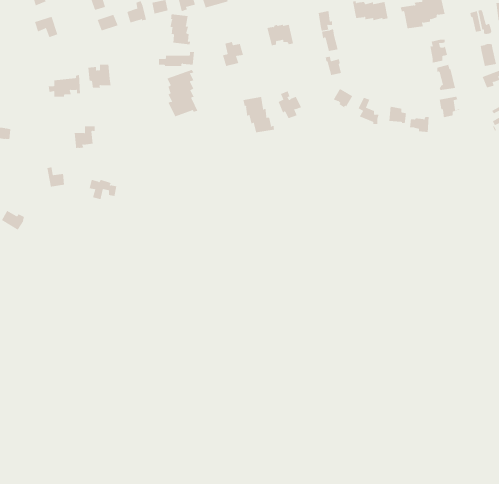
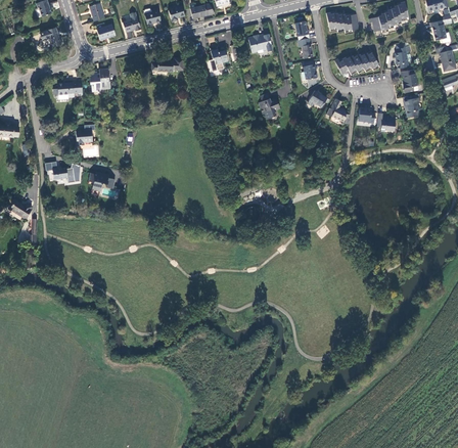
building: [170,14,191,45] -> none
building: none -> [334,52,377,75]
building: [167,69,198,117] -> none
building: [243,96,274,133] -> none

